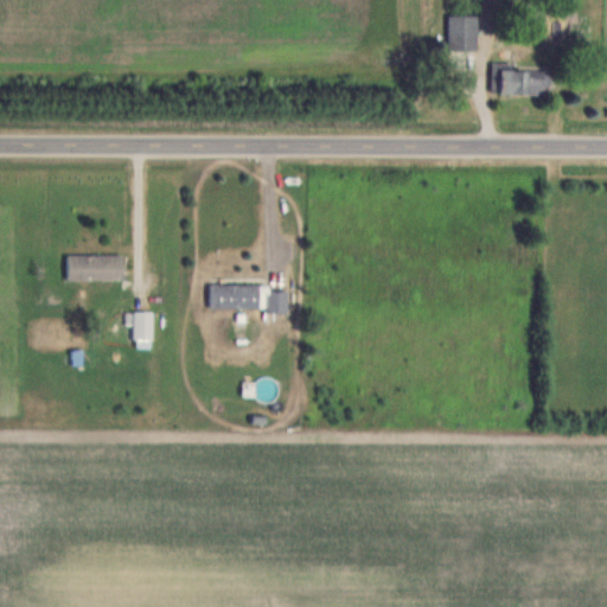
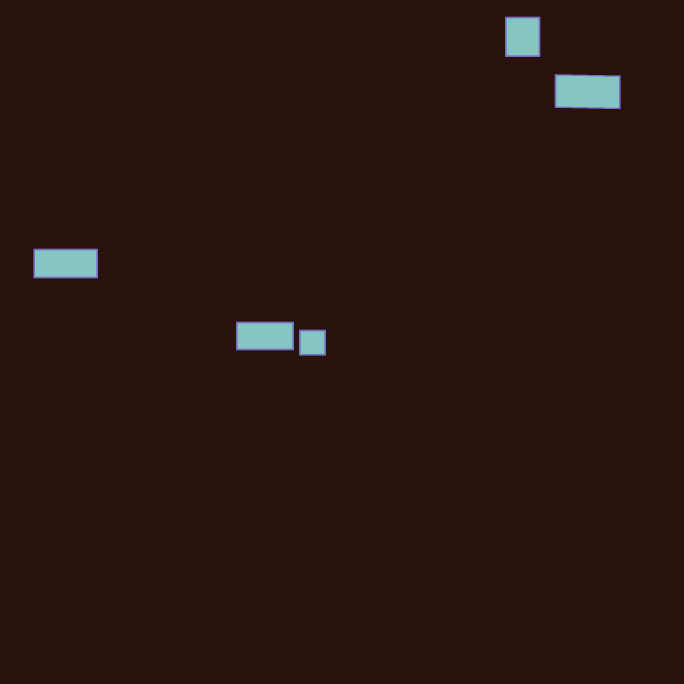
building: [68,256,123,281] -> [34,250,97,278]
building: [133,313,153,341] -> none

